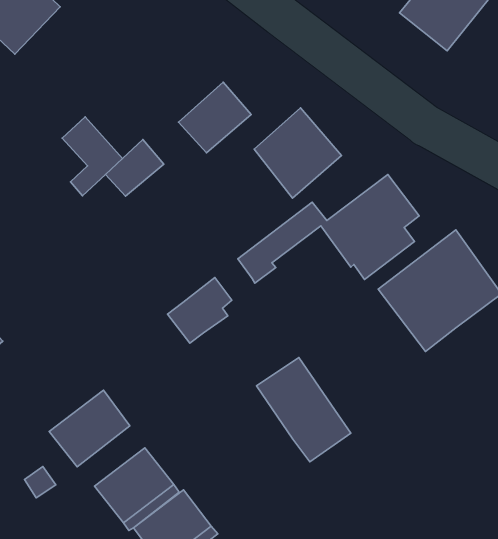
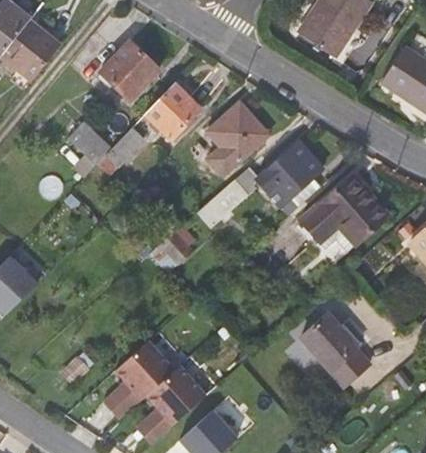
building: none -> [101,41,160,100]
building: [256,357,351,462] -> [303,315,371,387]
building: [49,390,130,467] -> none

